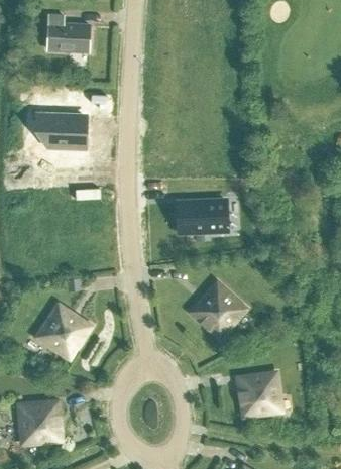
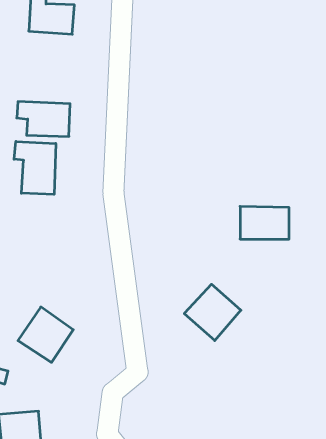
building: none -> [14,141,56,194]
building: [176,201,221,231] -> [240,206,289,239]
building: [237,372,279,414] -> none

